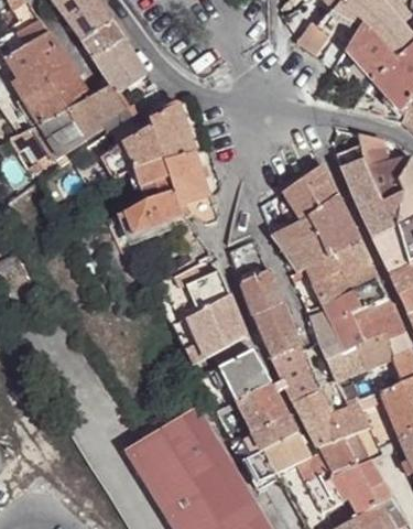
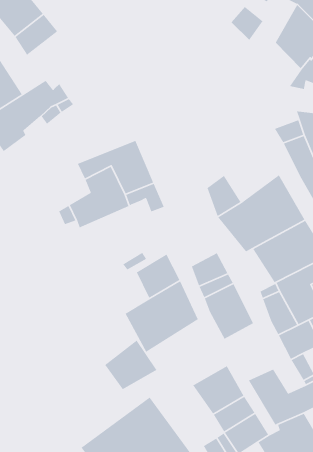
building: [93,37,149,95] -> none
building: [105,101,196,177] -> none
building: [285,164,337,218] -> none
building: [271,343,318,399] -> none
building: [219,350,272,400] -> [104,340,158,390]

